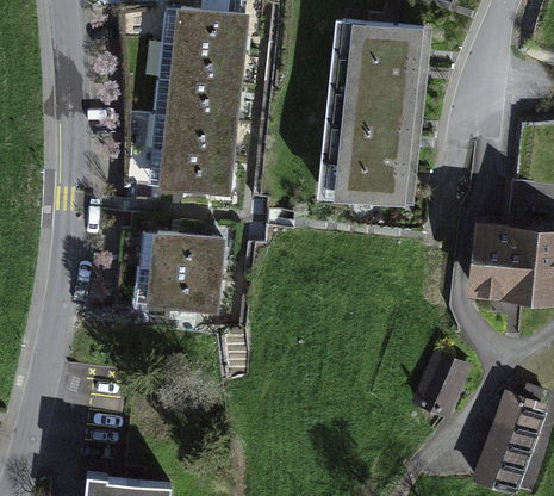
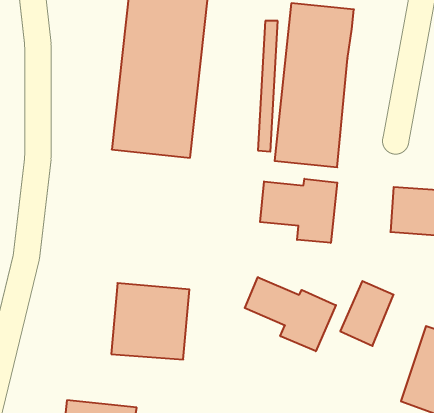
building: none -> [260,179,337,243]
building: [150,231,239,318] -> [111,283,189,359]
building: none -> [245,277,336,351]

